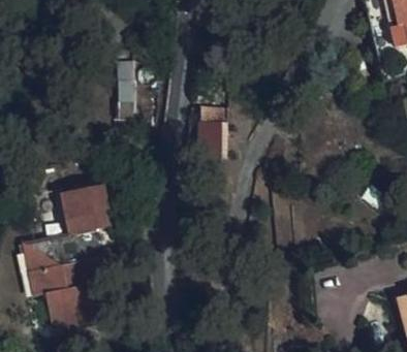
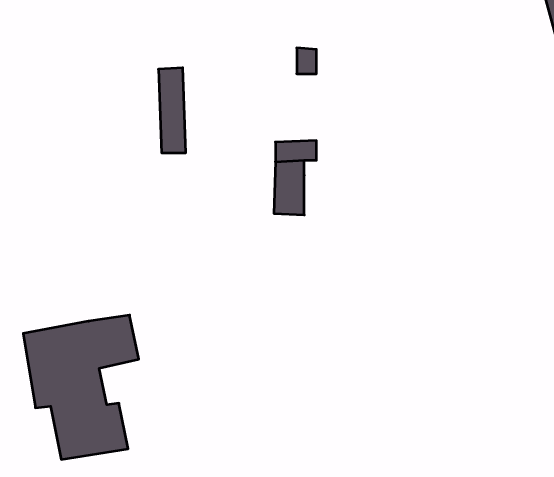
building: [64,182,112,230] -> none

